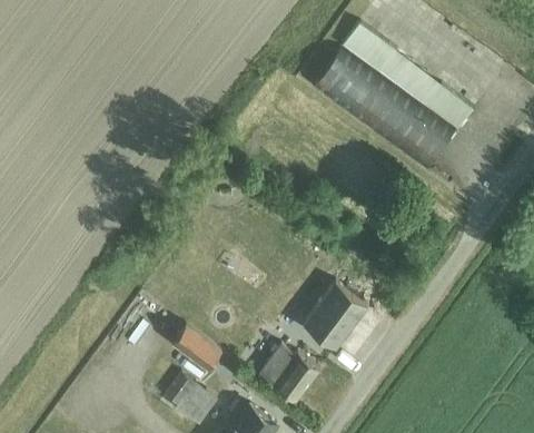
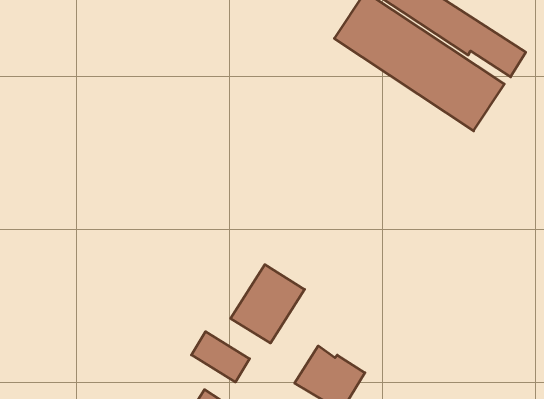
building: [301,281,366,347] -> [231,265,305,343]

